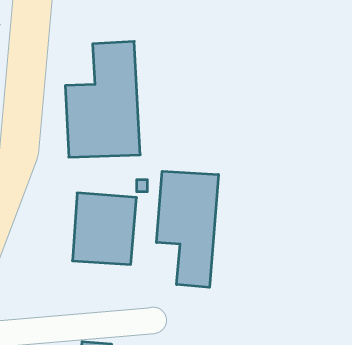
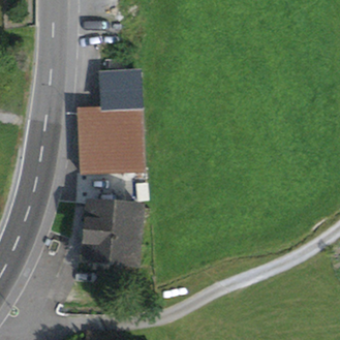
building: [157,171,218,287] -> none

